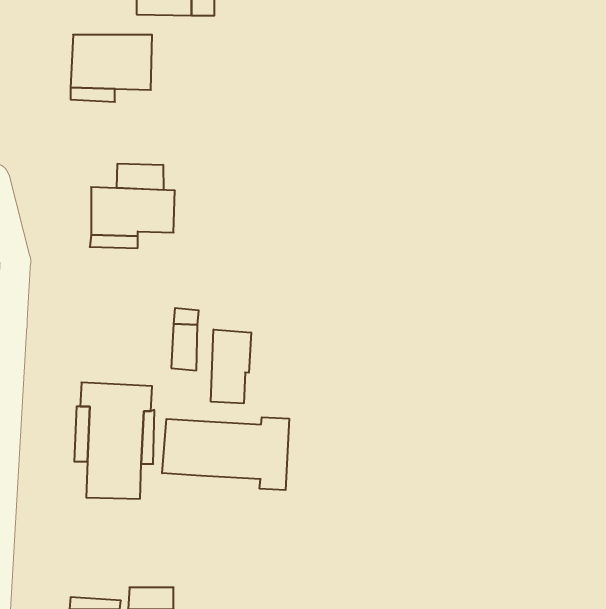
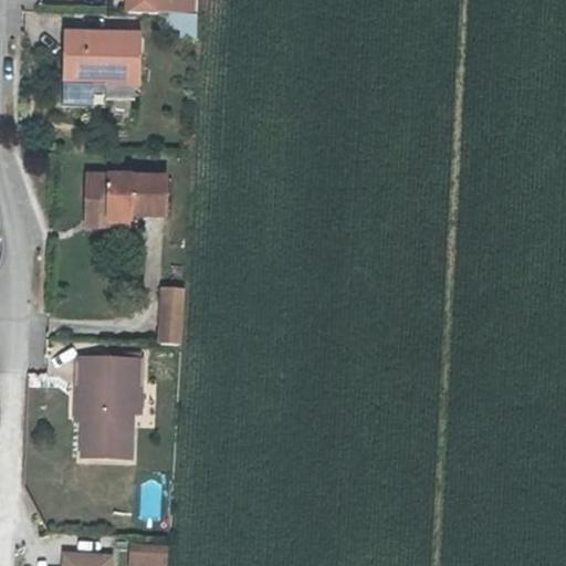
building: [117,164,163,190] -> none
building: [211,329,251,403] -> none
building: [162,417,289,490] -> none

